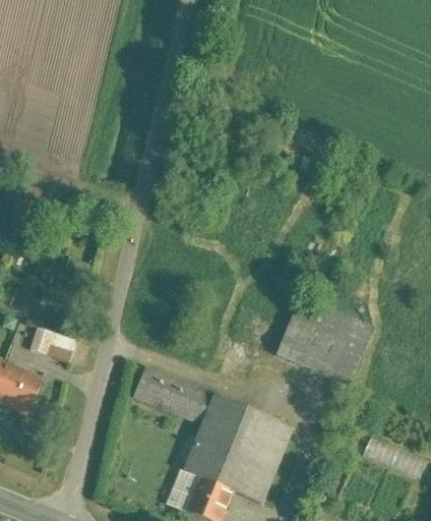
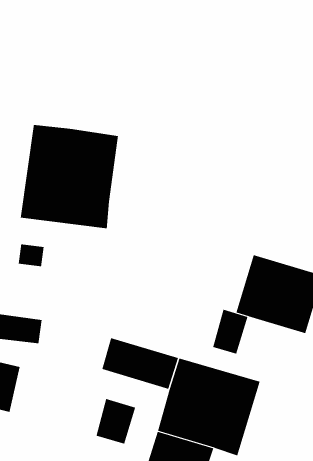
building: none -> [20,124,119,229]
building: none -> [212,309,248,355]
building: none -> [96,398,136,444]

